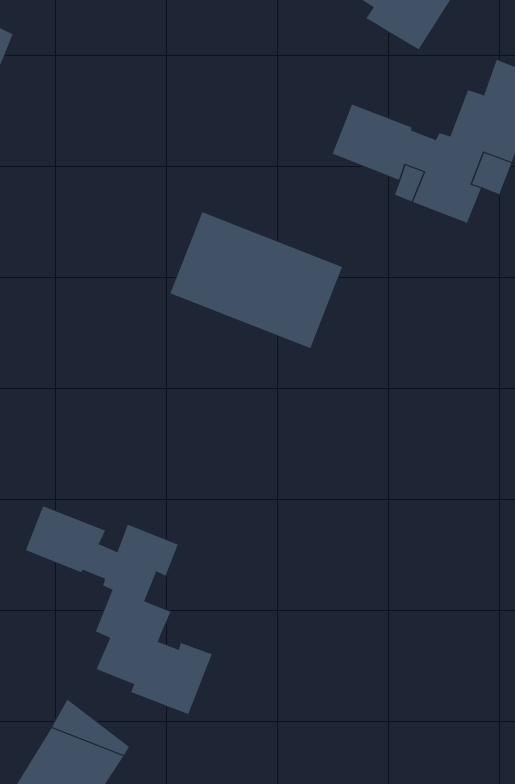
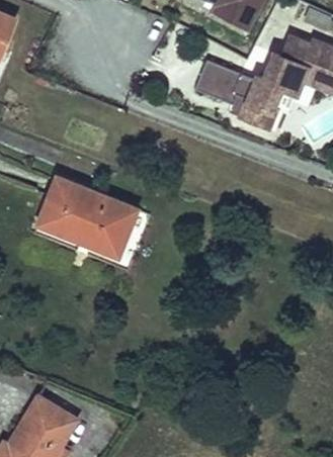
building: [170,211,343,349] -> [39,178,138,256]
building: [25,505,213,715] -> none

